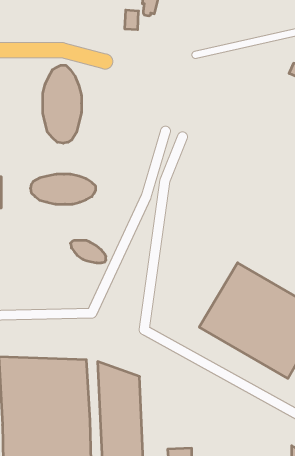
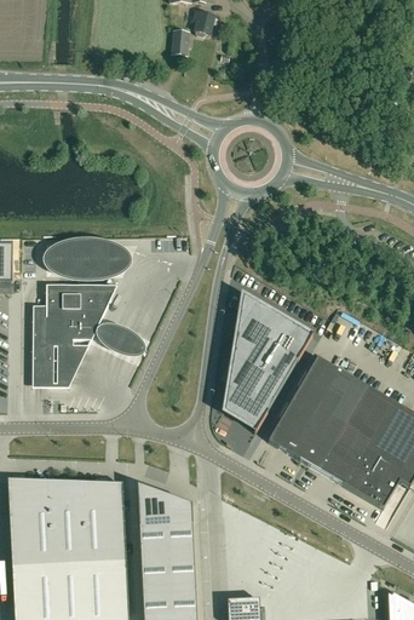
building: [43,65,81,143] -> none
building: none -> [31,282,117,385]
building: none -> [224,304,310,421]

